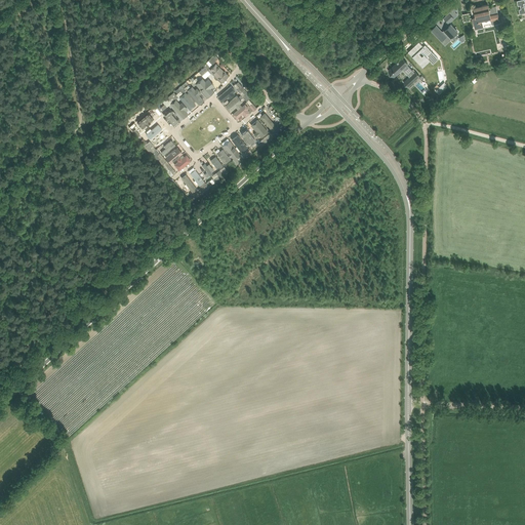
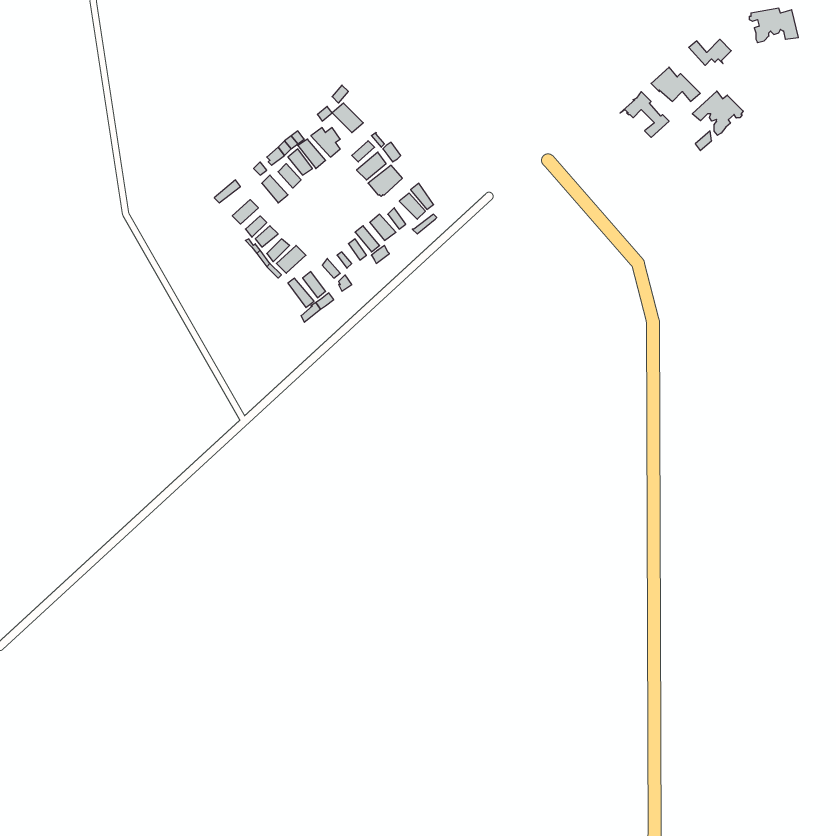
building: none -> [692,91,743,135]

